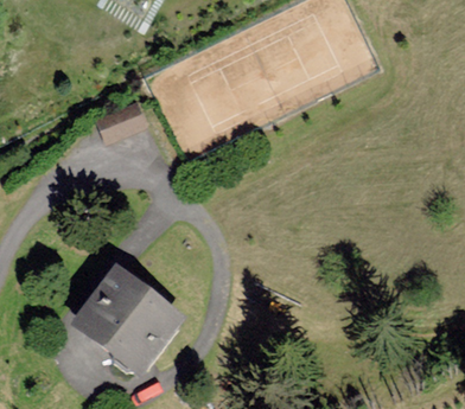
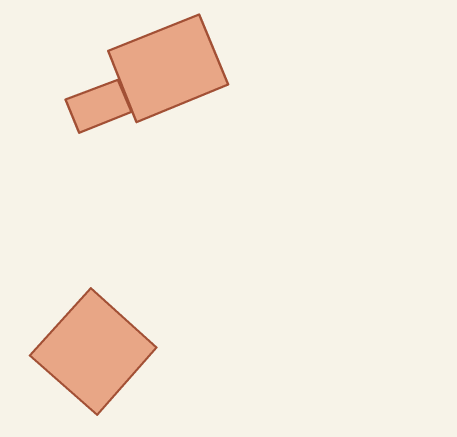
building: none -> [108,14,228,122]

